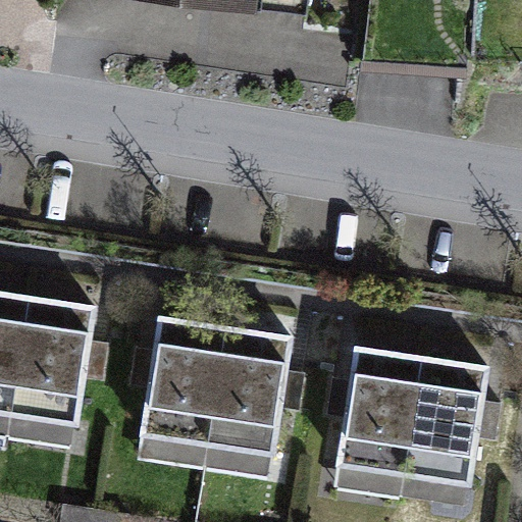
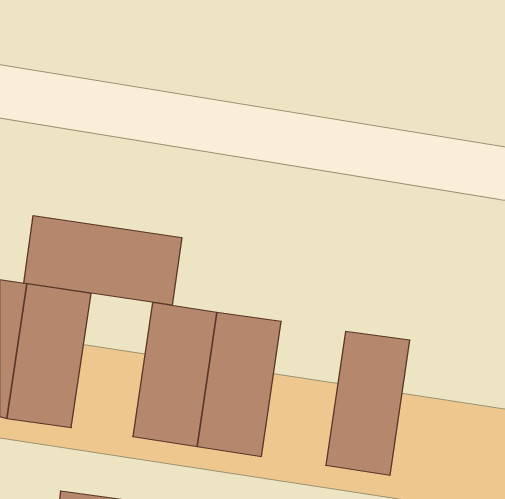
building: none -> [24,216,182,305]
building: [402,358,487,506] -> none

